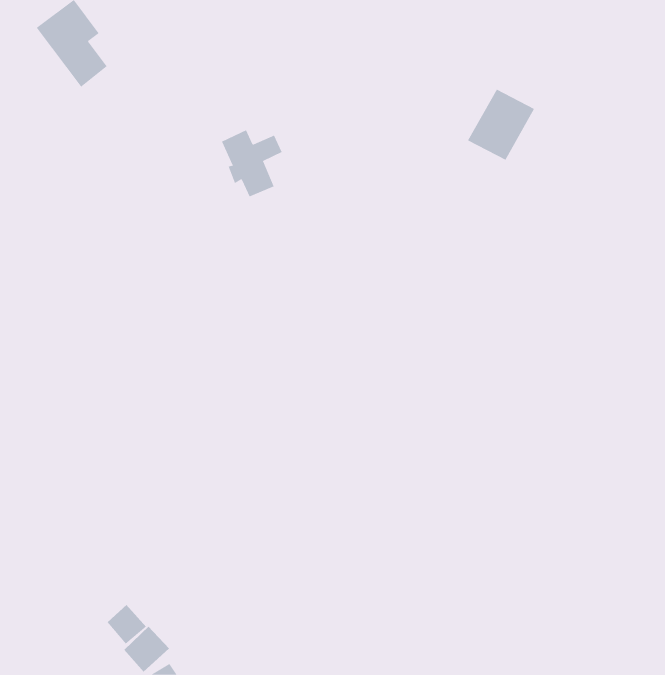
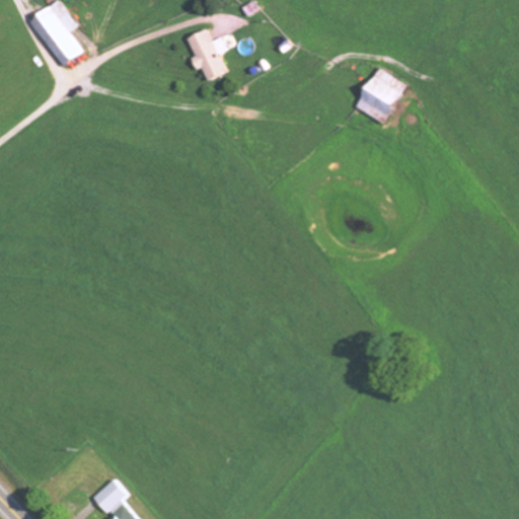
building: [221,129,282,197] -> [187,28,233,80]
building: [107,604,147,645] -> none

